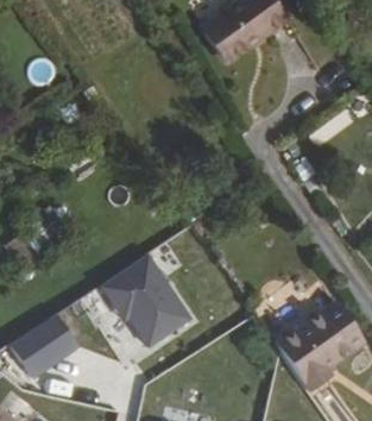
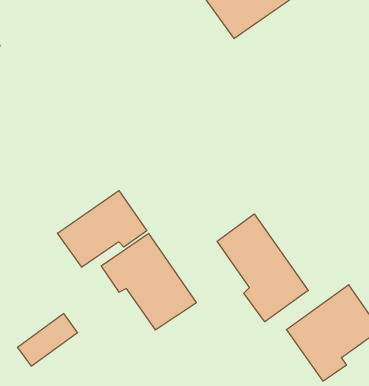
building: none -> [57,191,147,267]
building: none -> [217,214,308,322]

